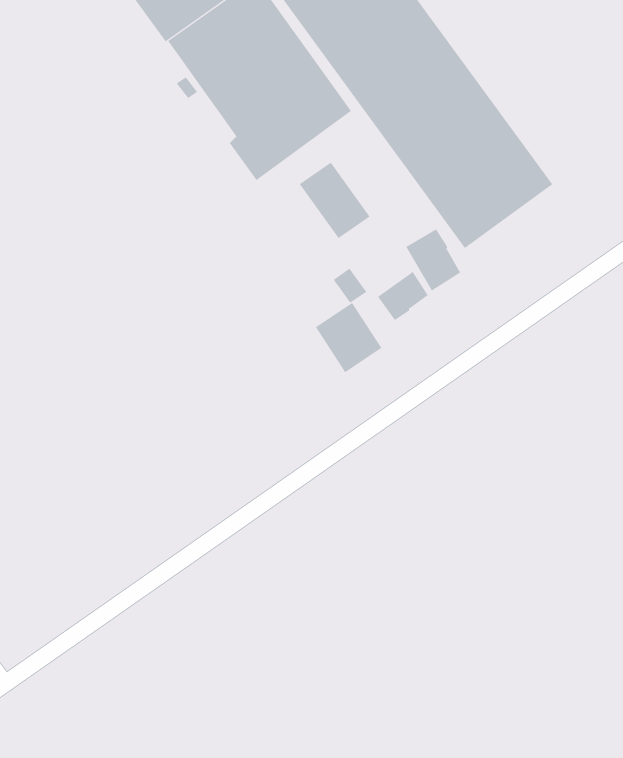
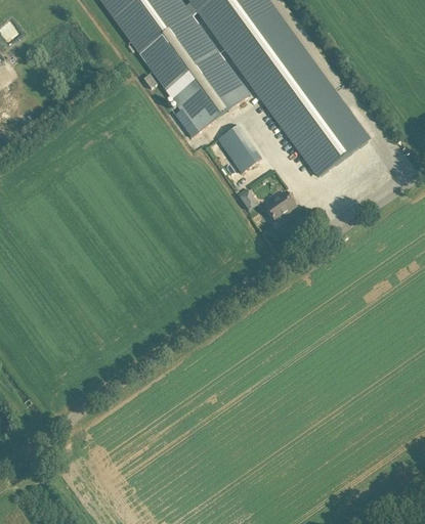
building: [405,228,467,292] -> none
building: [315,302,382,373] -> none

